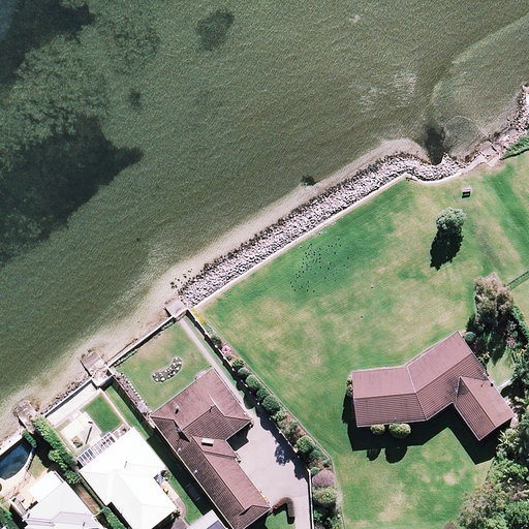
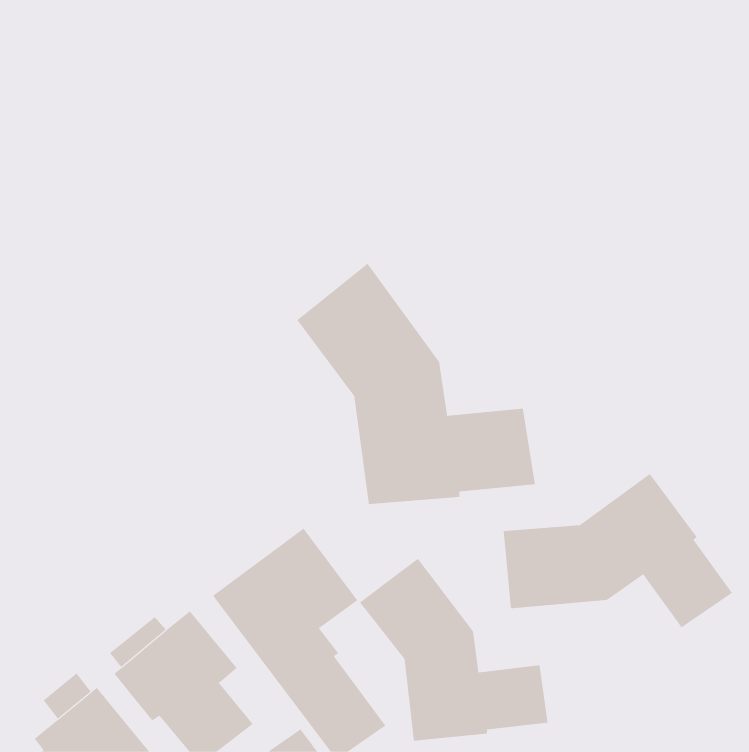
building: none -> [296,263,536,505]
building: none -> [359,558,548,742]

